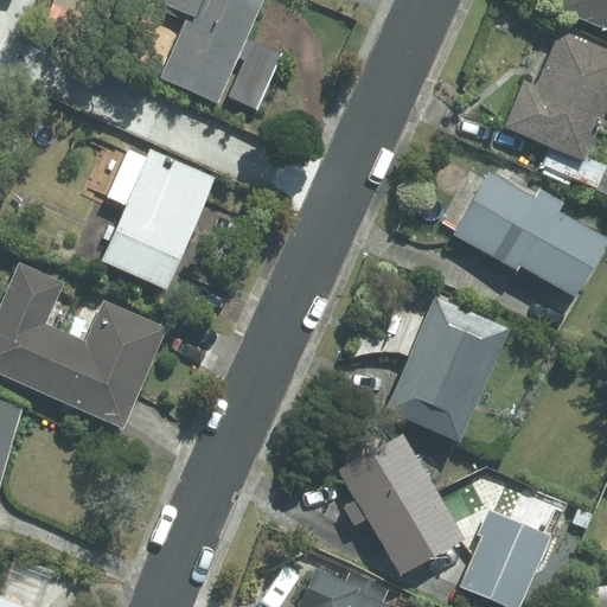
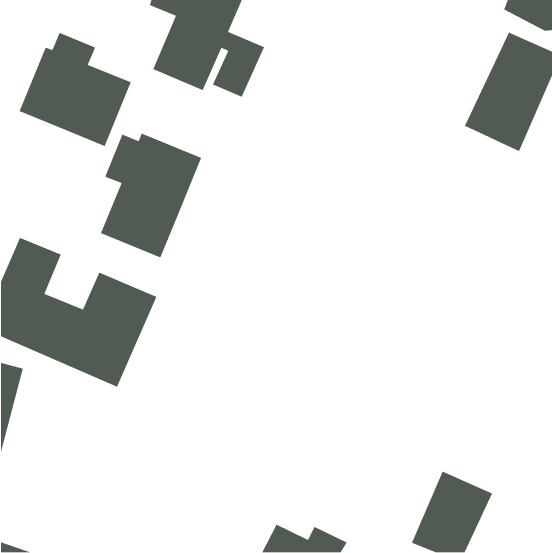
building: none -> [19,32,132,147]
building: [446,175,594,302] -> none
building: [375,299,500,447] -> none
building: [332,439,452,579] -> none

